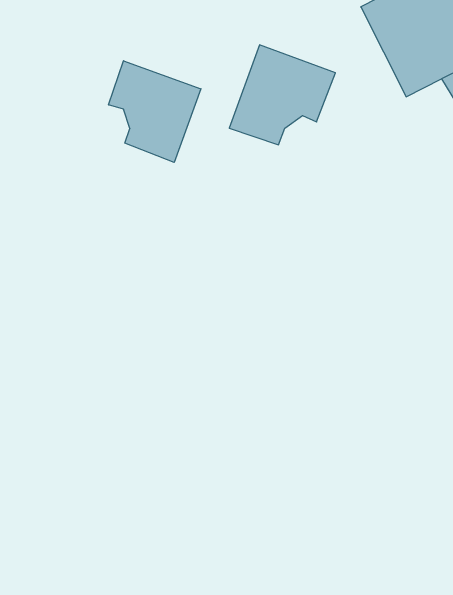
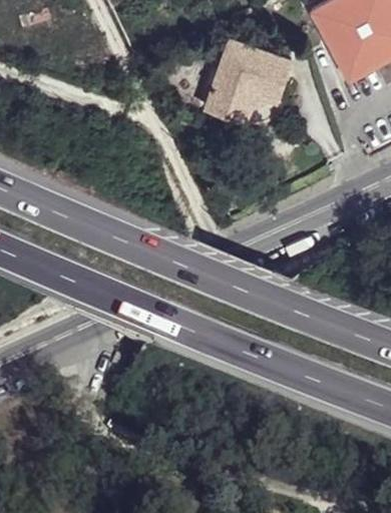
building: [109,61,201,162] -> none

